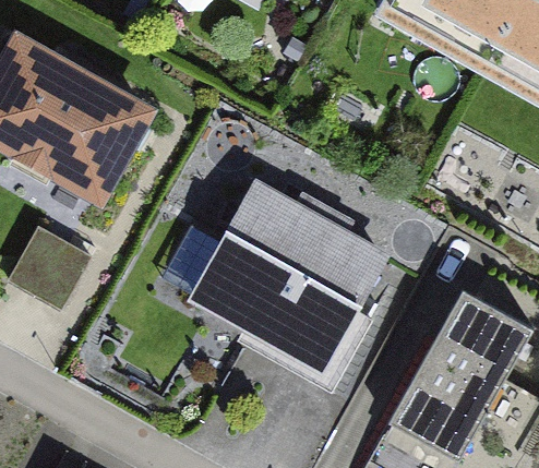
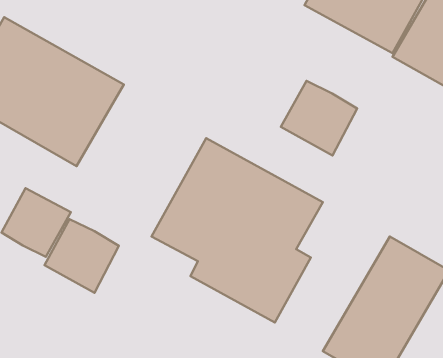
building: none -> [281,81,357,156]
building: none -> [45,219,119,293]

